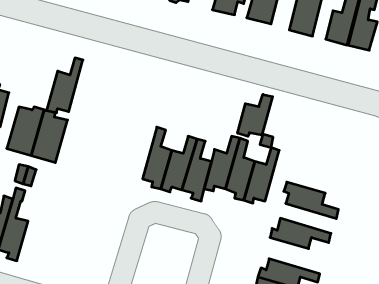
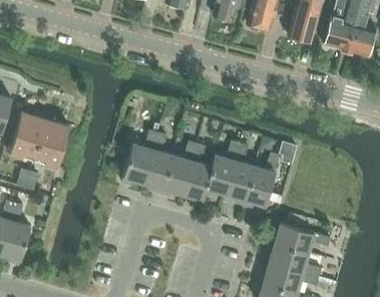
building: [46,58,83,113] -> [121,129,157,184]
building: [238,94,273,136] -> none
building: [284,182,338,219] -> [267,241,321,277]

